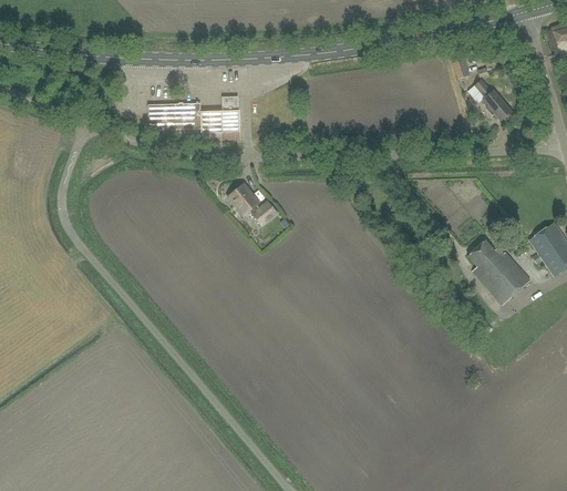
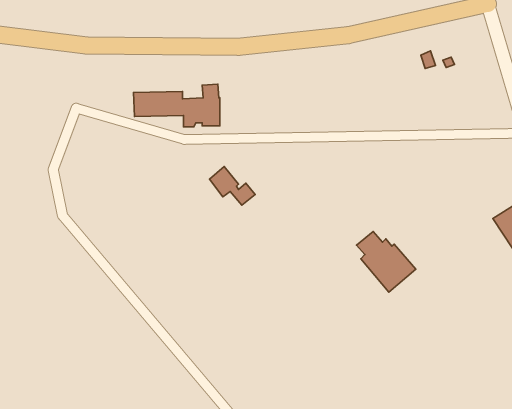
building: [474,79,513,121] -> none
building: [467,241,530,305] -> [357,232,416,292]

